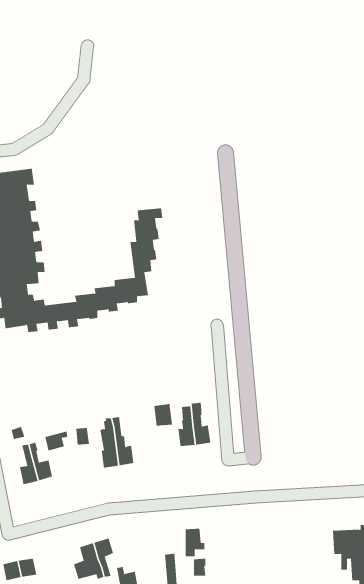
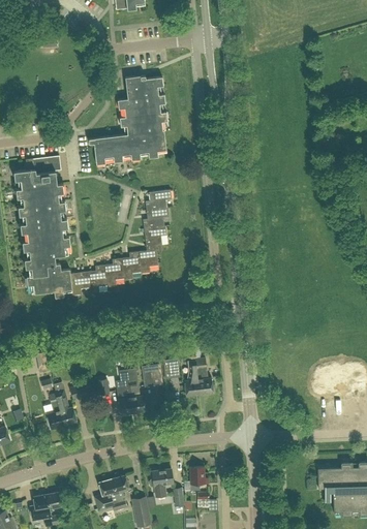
building: none -> [89,75,167,164]
building: none -> [141,364,162,387]
building: none -> [149,469,173,497]

